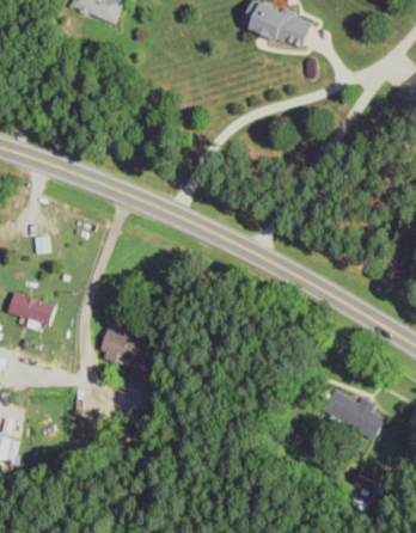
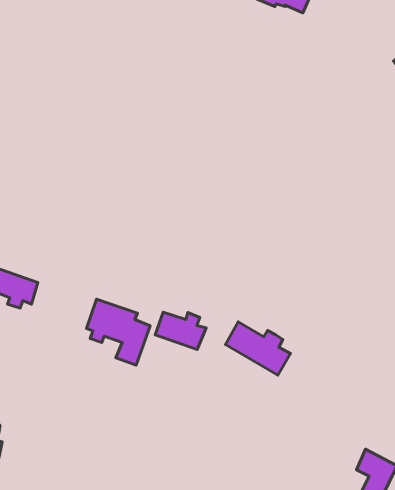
building: none -> [155,312,206,350]
building: [322,385,383,435] -> [225,322,290,375]

